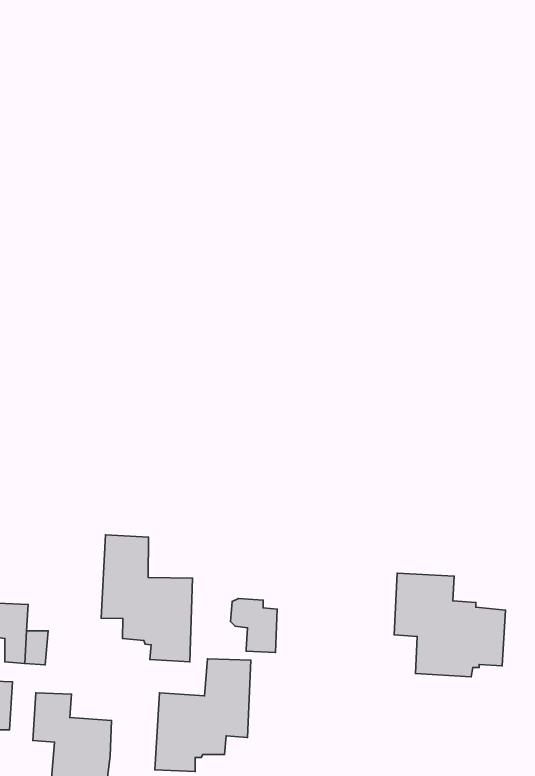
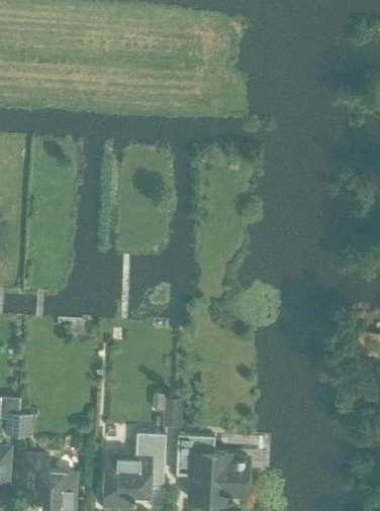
building: [101,535,193,662] -> none
building: [394,573,505,677] -> [176,435,249,503]

